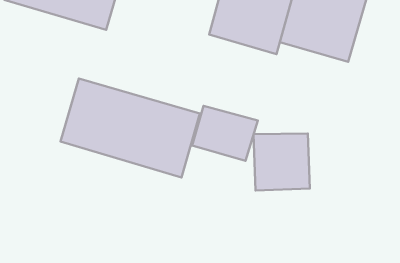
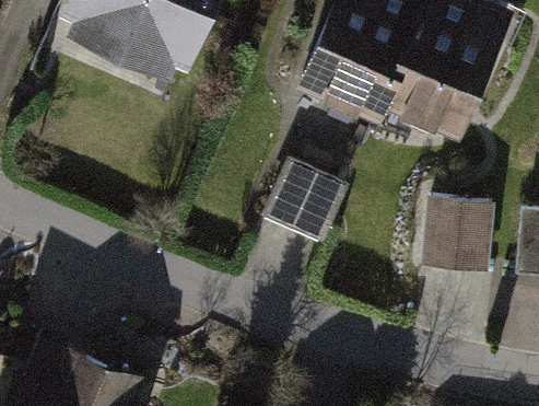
building: [60,78,200,178] -> none
building: [254,133,310,190] -> [421,202,489,272]

